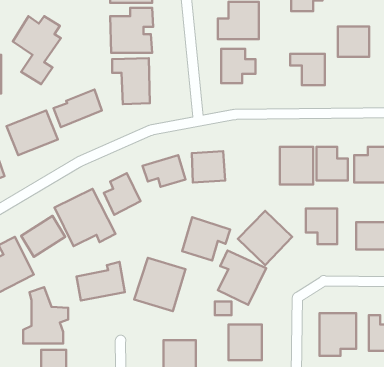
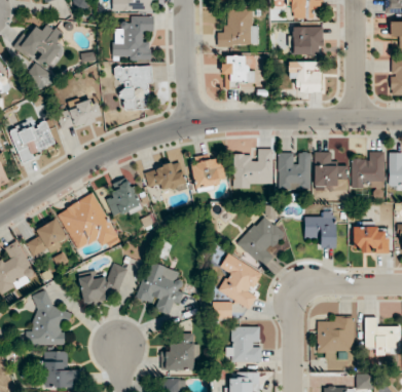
building: [338,26,369,57] -> [292,26,323,55]
building: none -> [233,149,273,188]
building: [182,217,230,260] -> none

